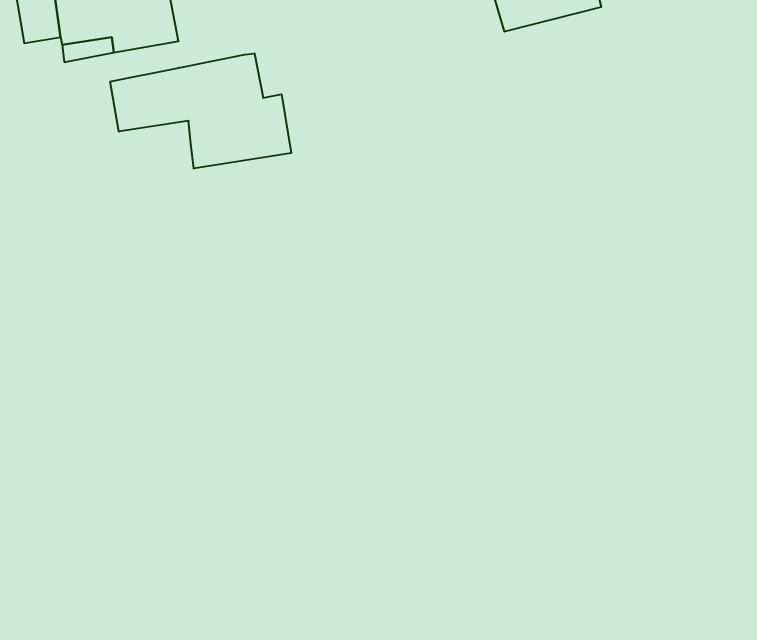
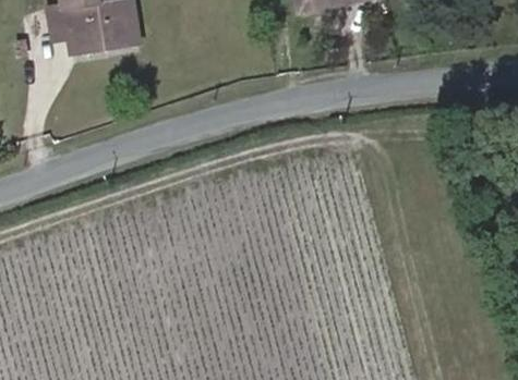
building: [110,53,291,169] -> none

